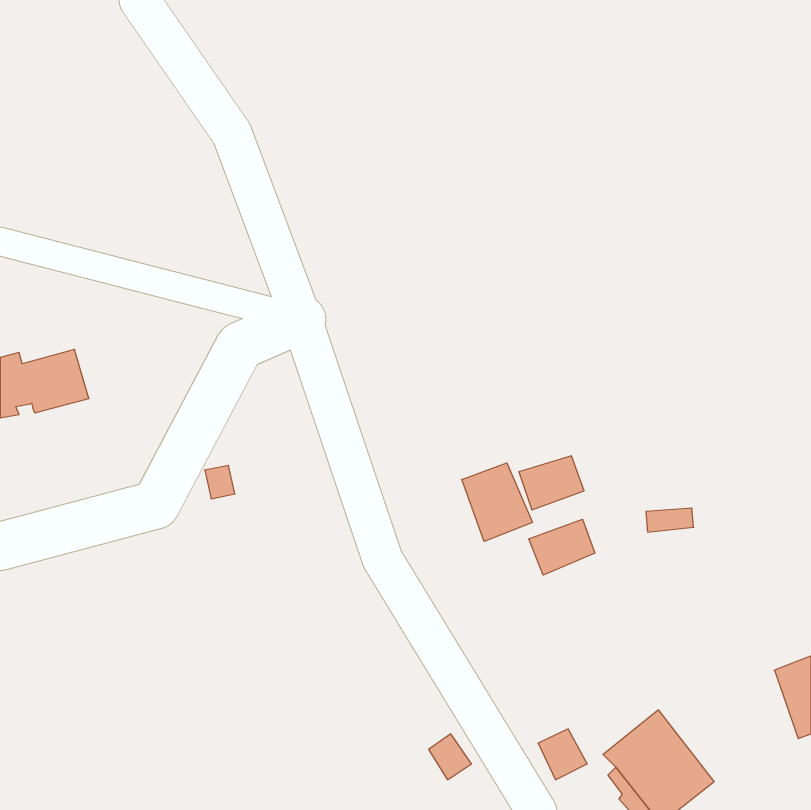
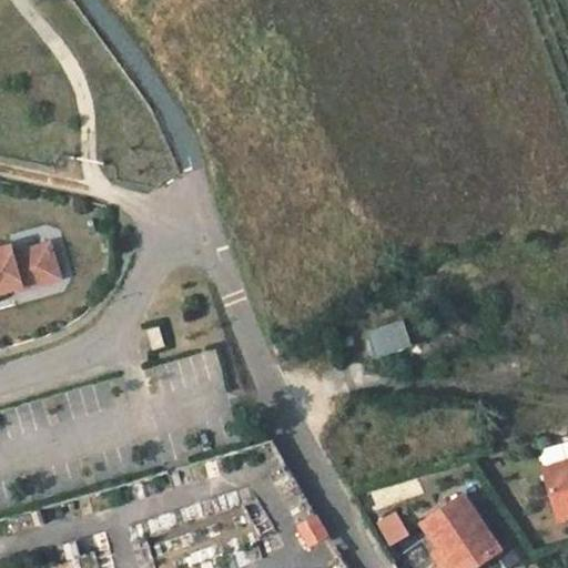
building: [462,463,533,541] -> none
building: [529,519,595,575] -> none

